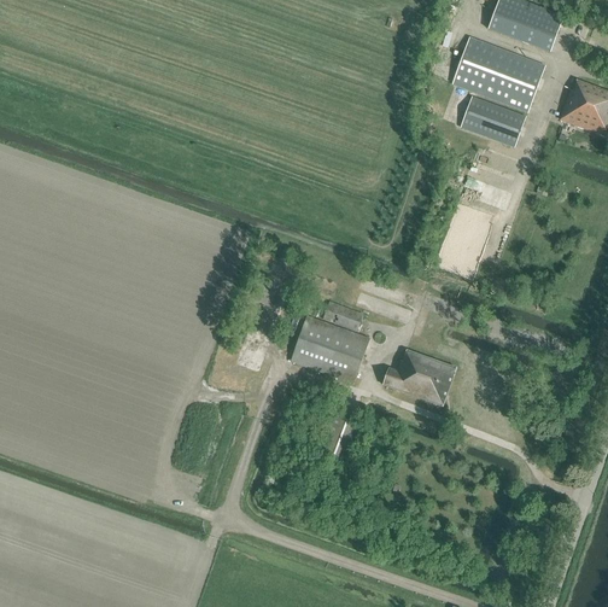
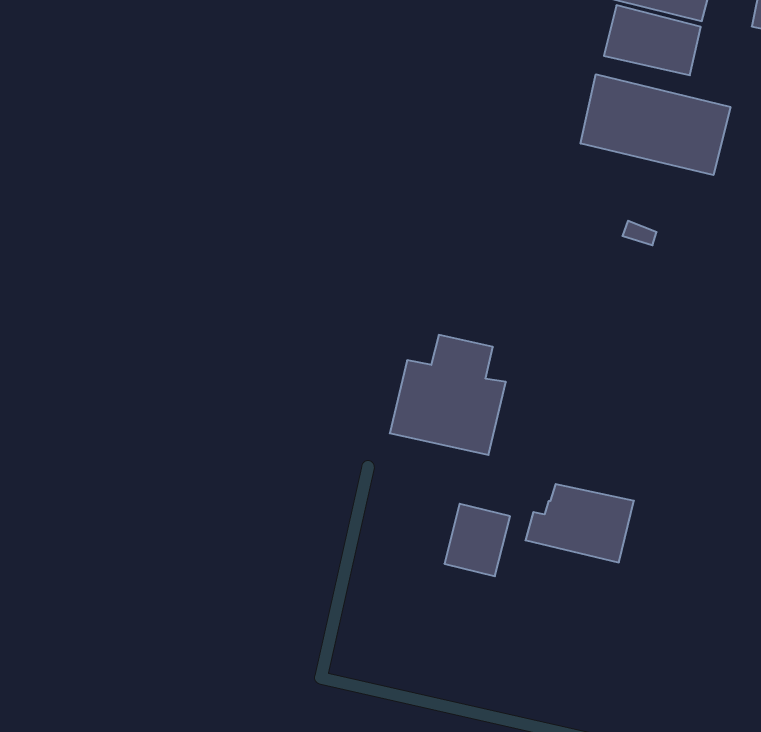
building: none -> [581,74,730,175]
building: [381,349,456,405] -> [525,484,634,562]

